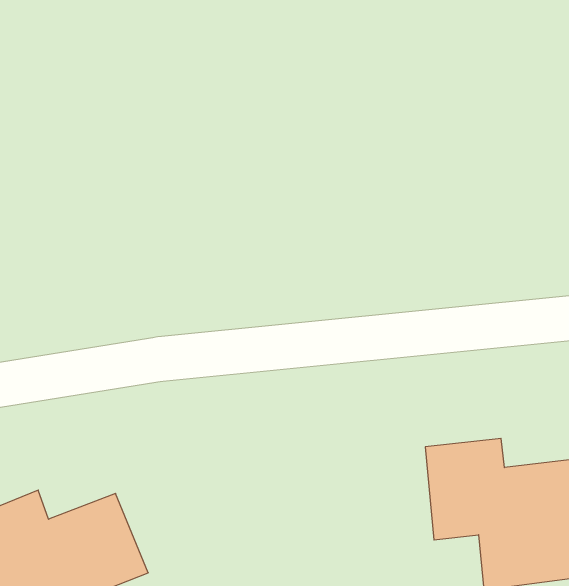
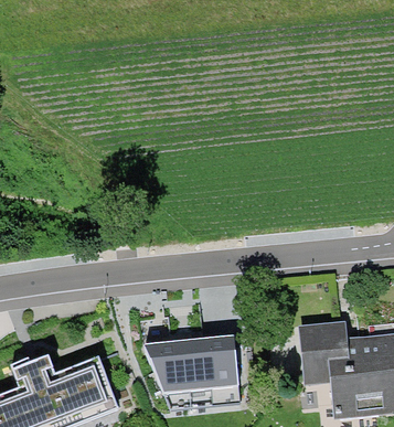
building: none -> [145,333,242,405]

